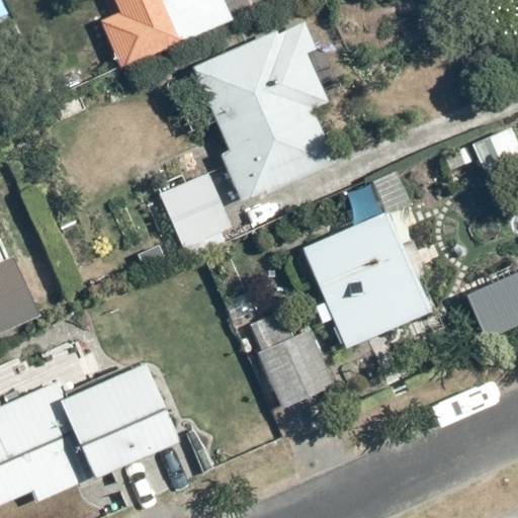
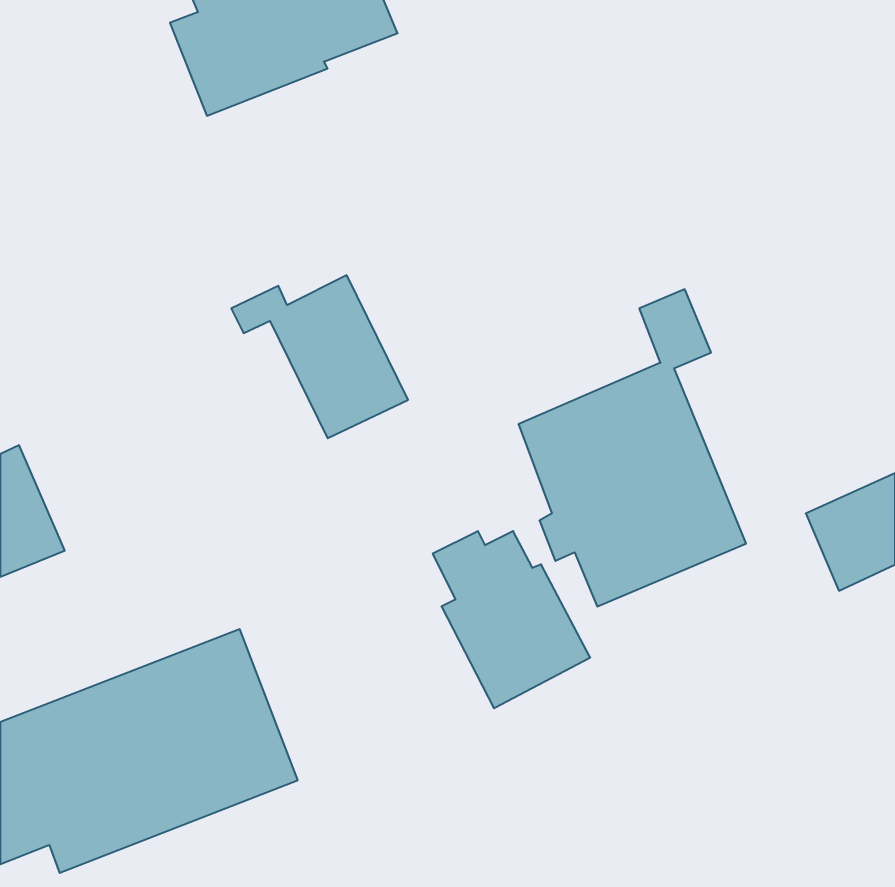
building: [189,15,340,195] -> none

